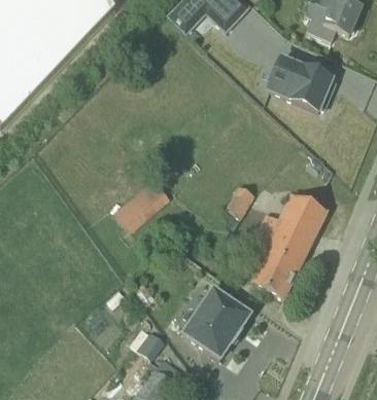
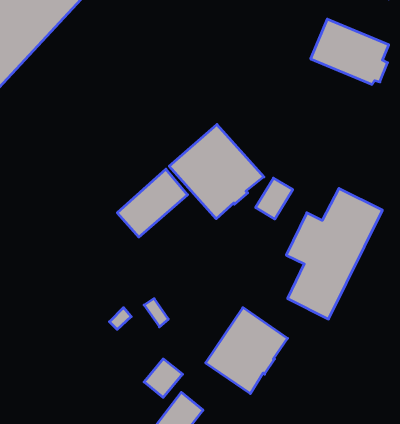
building: none -> [169,124,264,219]

